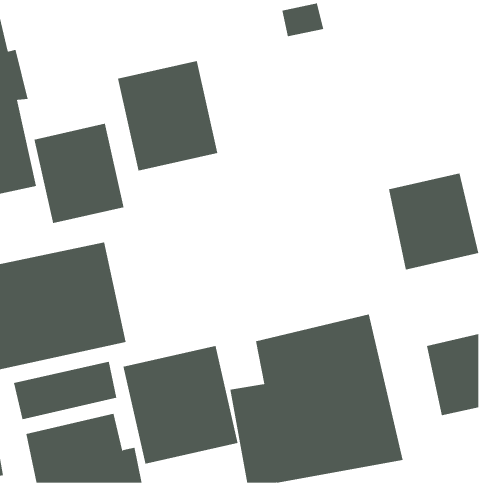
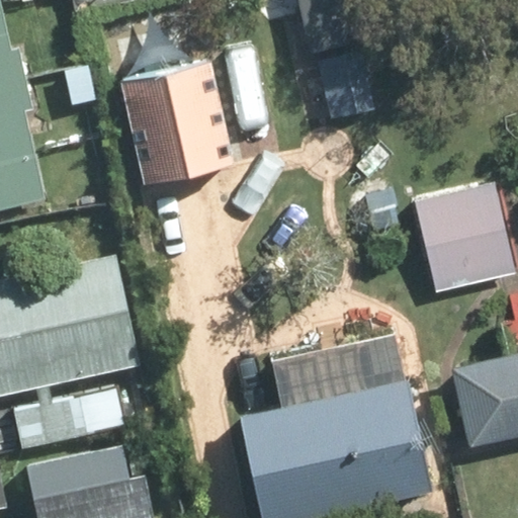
building: [34,123,124,224] -> none
building: [123,345,238,464] -> none

